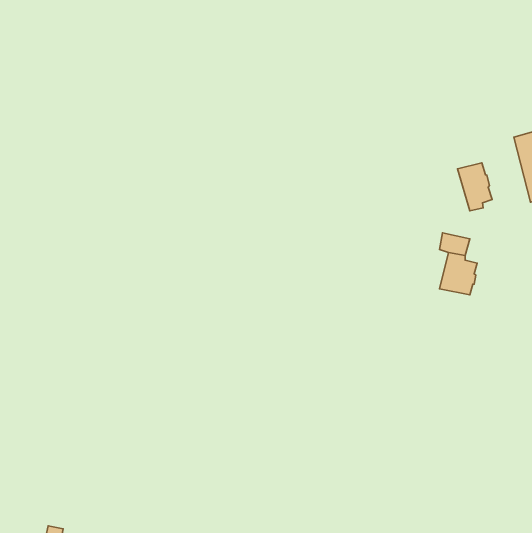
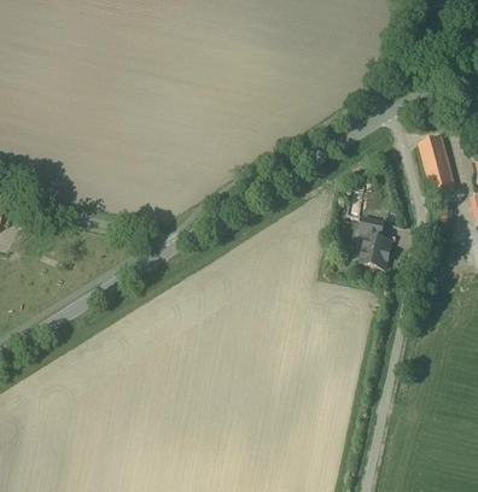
building: [457,163,492,211] -> none

